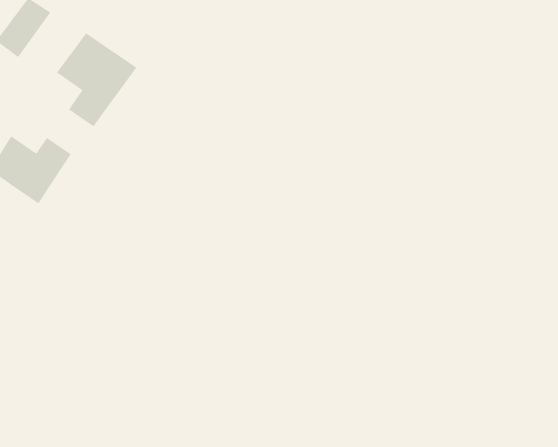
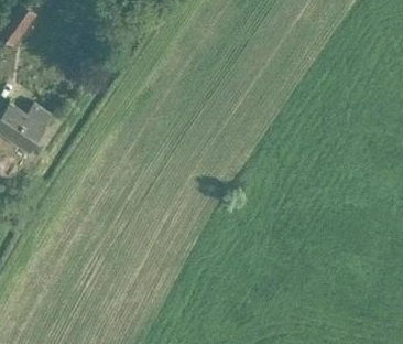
building: [56,32,137,127] -> none

